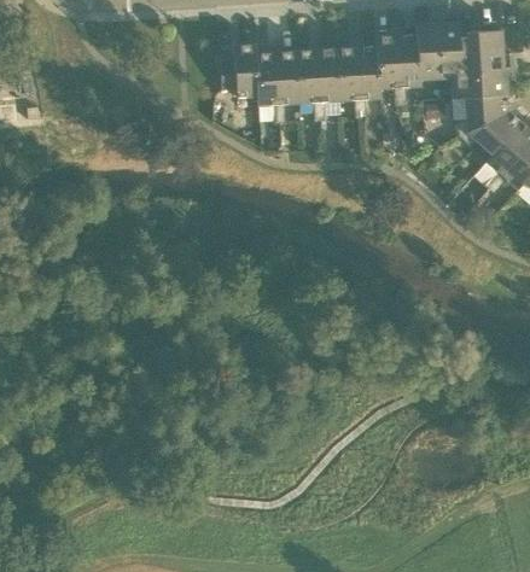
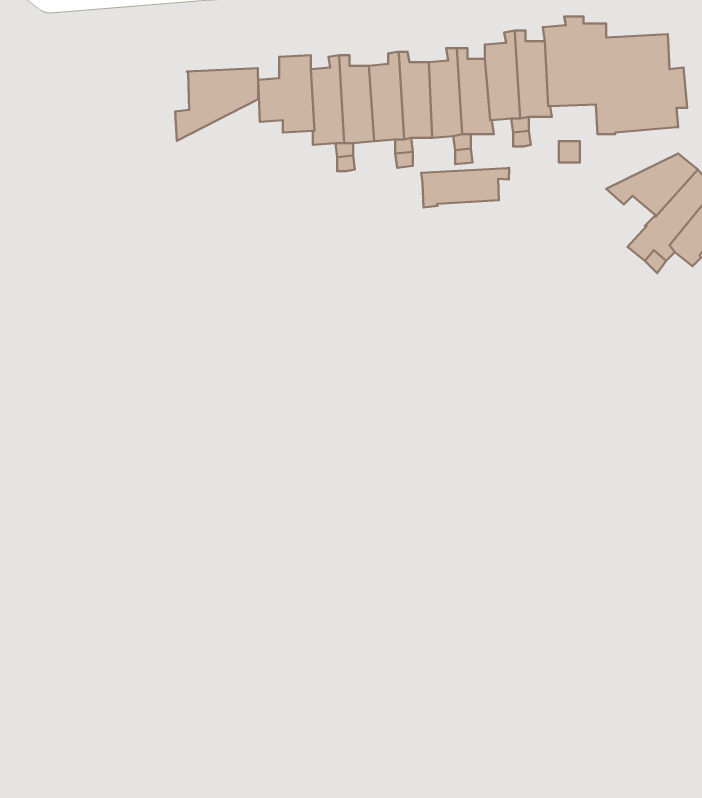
building: none -> [175,68,258,141]
building: [459,92,509,134] -> none
building: none -> [421,168,509,207]

